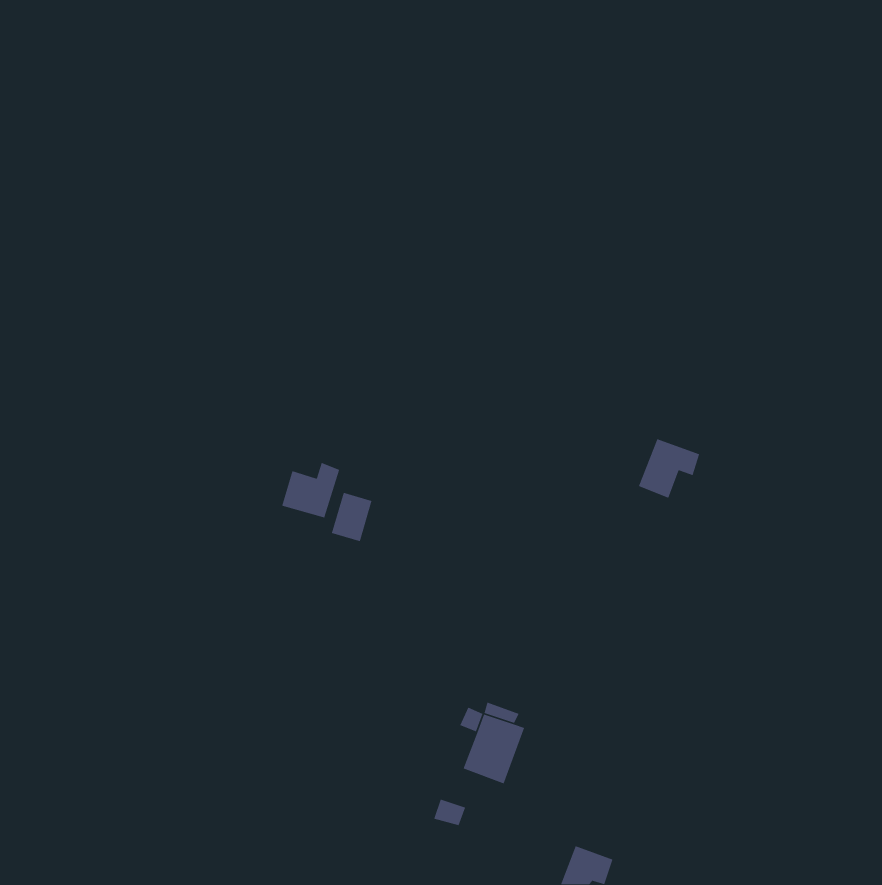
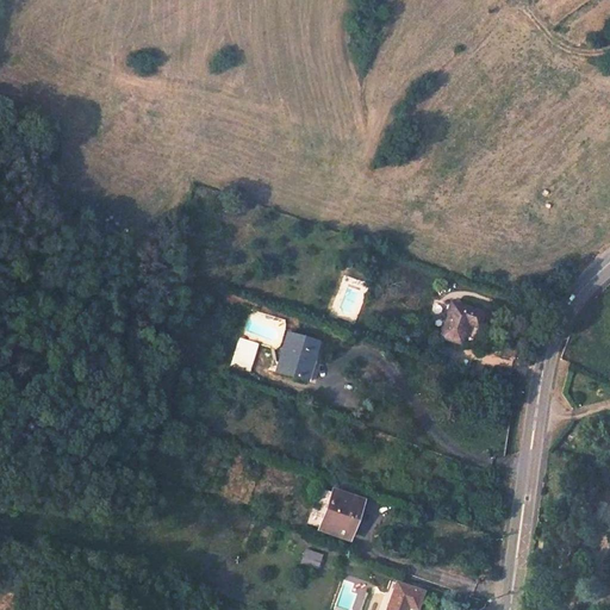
building: [281,462,340,519] -> none
building: none -> [276,334,320,382]

